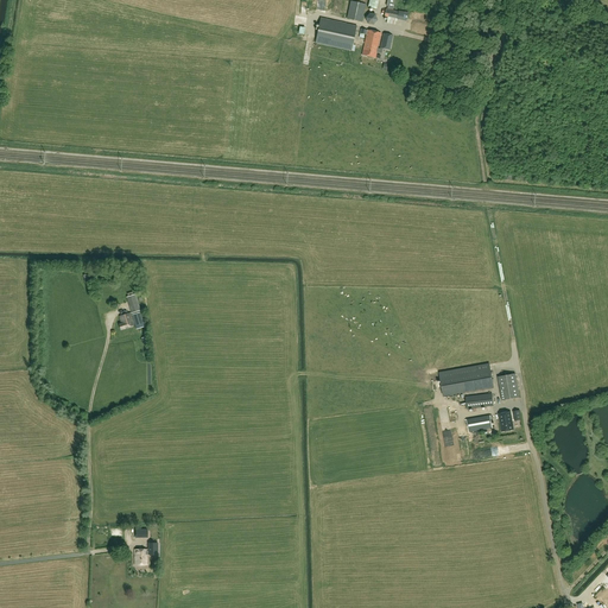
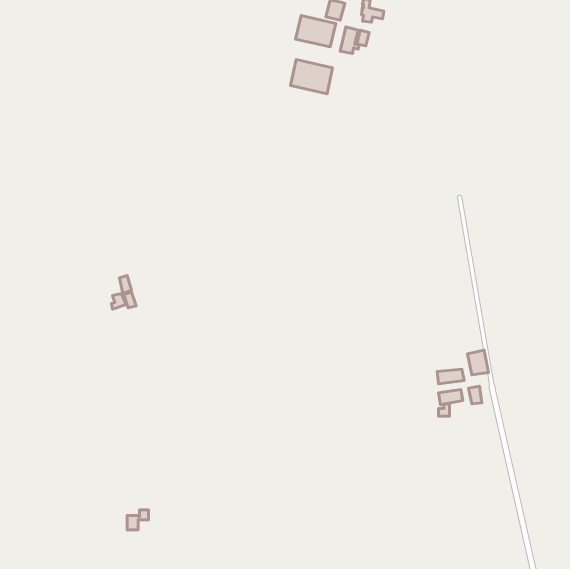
building: none -> [290,59,333,94]
building: [439,363,494,395] -> none

